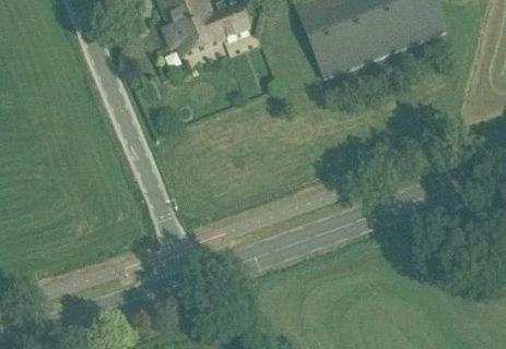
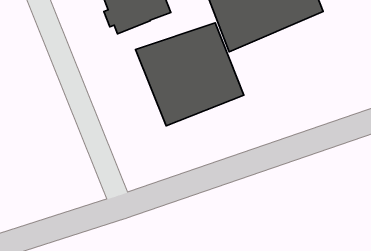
building: none -> [136,23,244,126]

